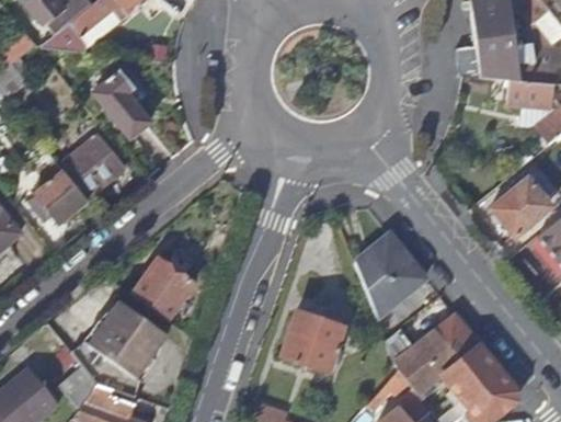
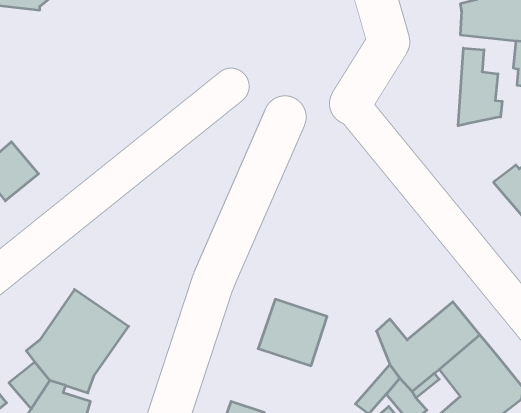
building: [93,70,151,138] -> none
building: none -> [458,48,502,126]
building: [60,136,125,199] -> none
building: [357,233,426,317] -> none
building: [133,258,195,318] -> none

